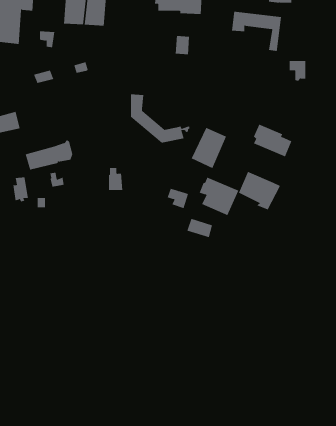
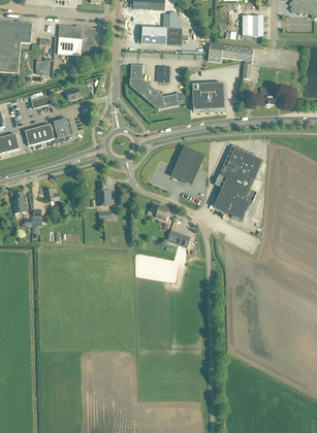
building: none -> [191,81,223,109]
building: [130,94,190,143] -> [130,64,184,108]
building: [25,139,73,170] -> [24,116,67,144]
building: [199,177,239,216] -> [220,161,256,196]

